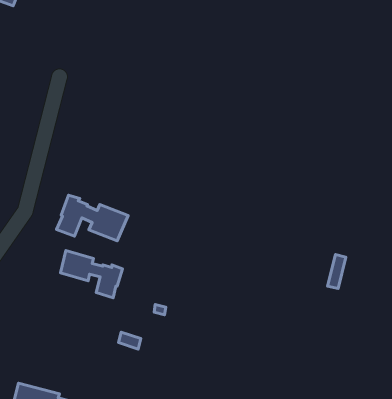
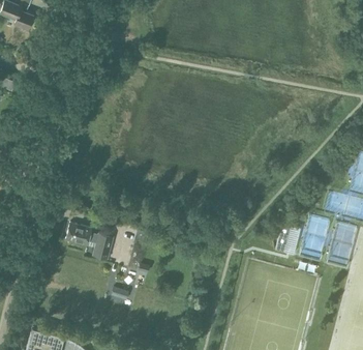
building: [57,195,128,241] -> none

